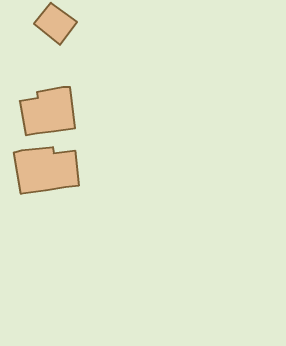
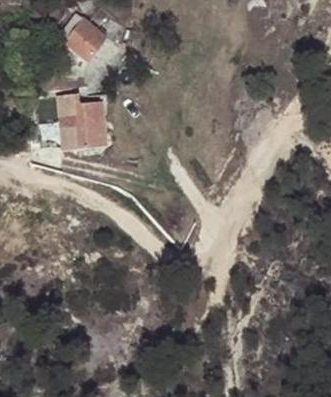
building: [14,147,79,194] -> none

